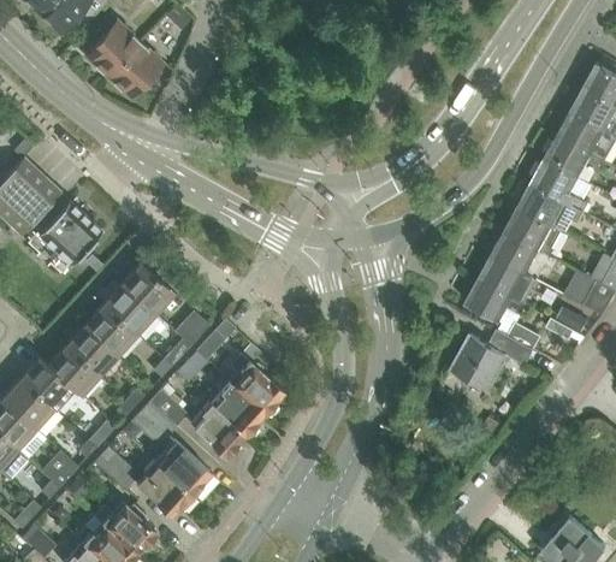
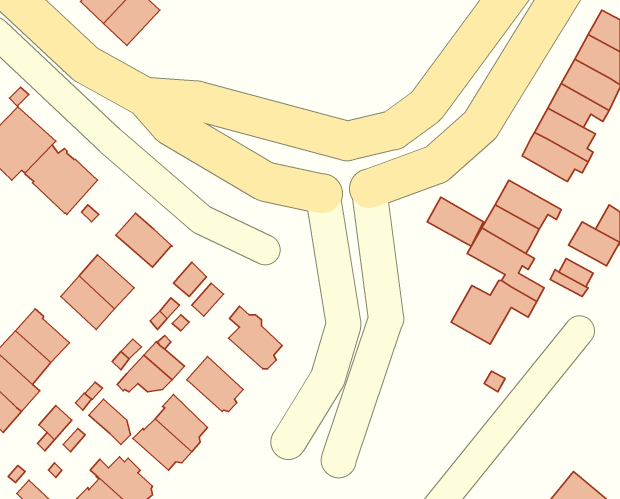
building: [505,206,561,254] -> [427,197,484,246]
building: [101,284,155,336] -> none
building: [47,344,100,397] -> none
building: [209,384,263,437] -> none

